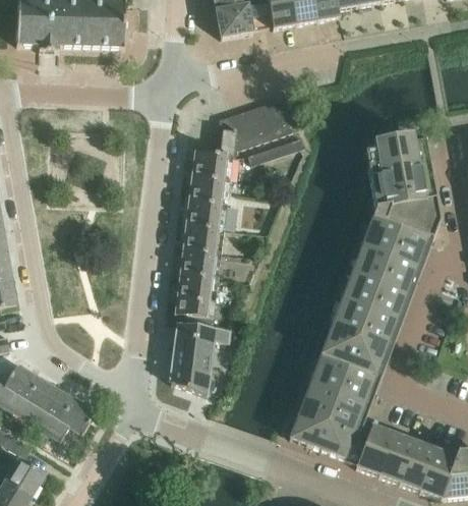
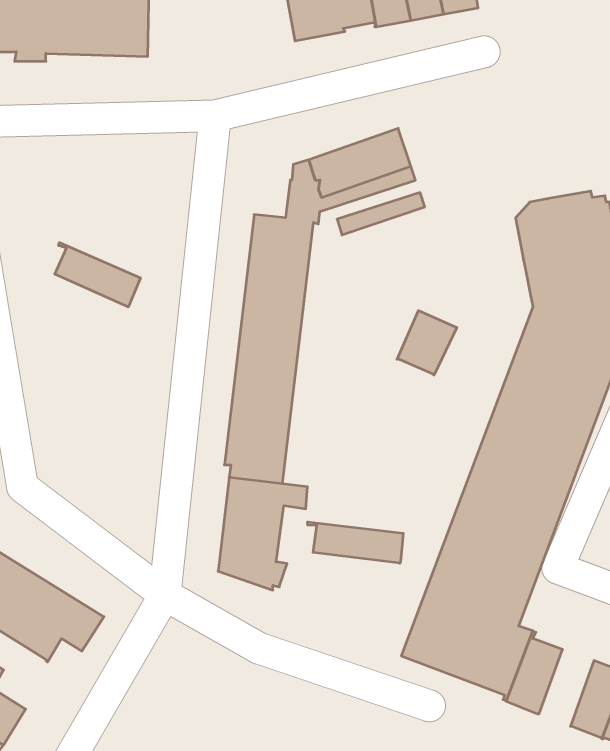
building: none -> [55,243,140,307]
building: none -> [397,311,457,375]
building: none -> [308,522,403,563]
building: [378,433,414,483] -> none

